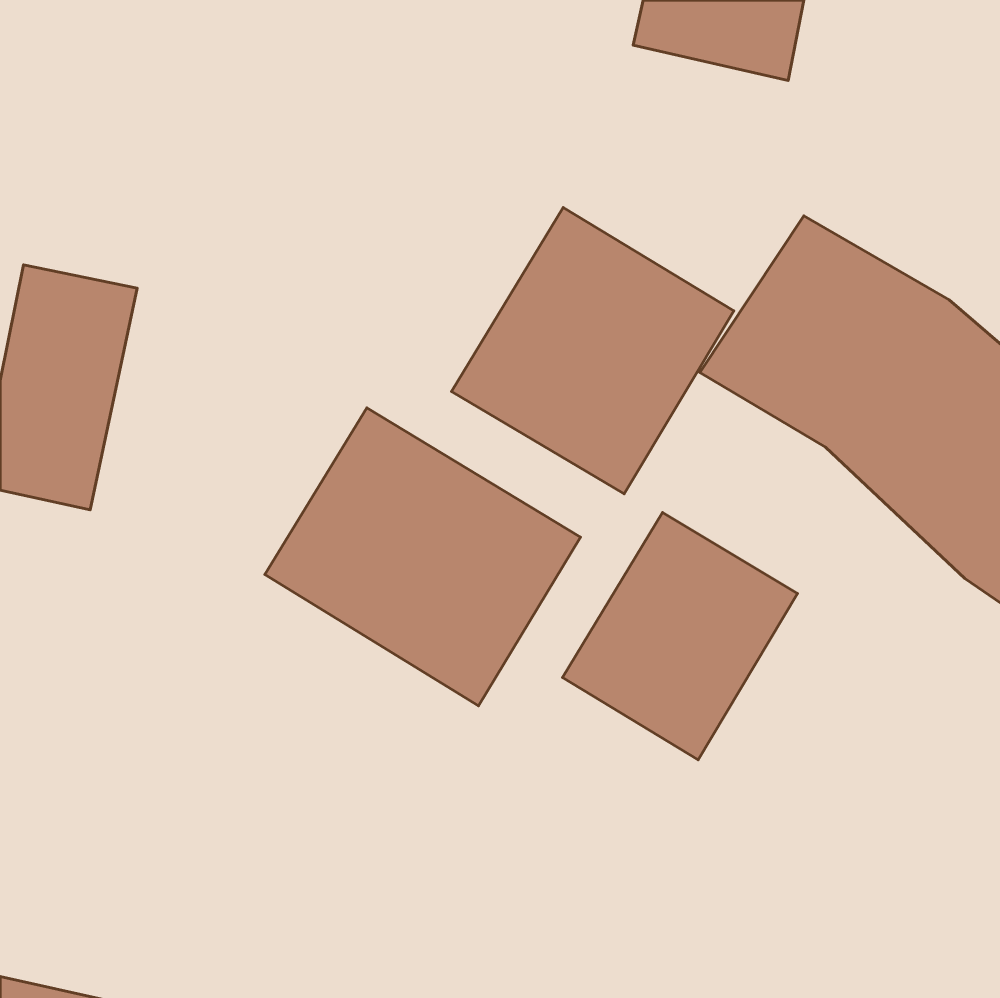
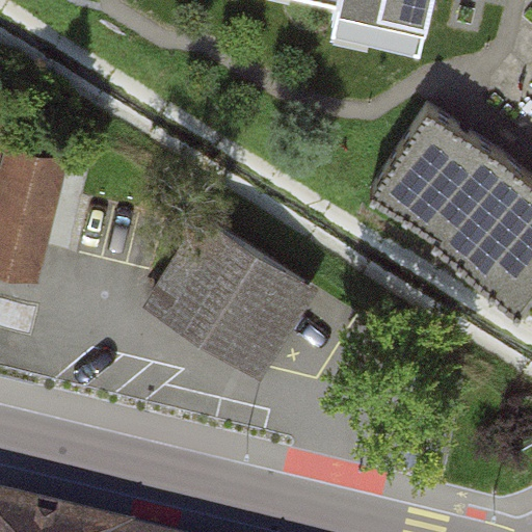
building: [452,207,734,494] -> none
building: [563,513,797,760] -> none

